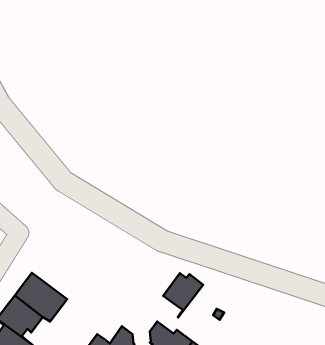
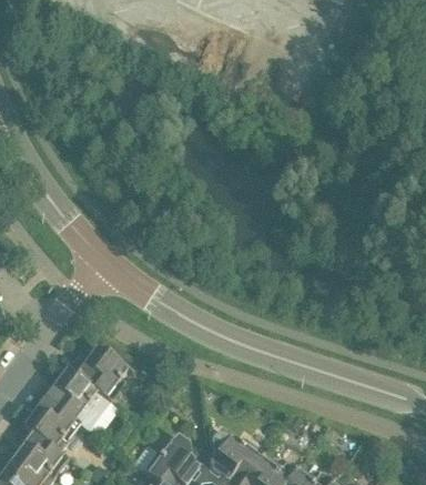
building: none -> [71,351,122,406]
building: [163,273,203,317] -> none

